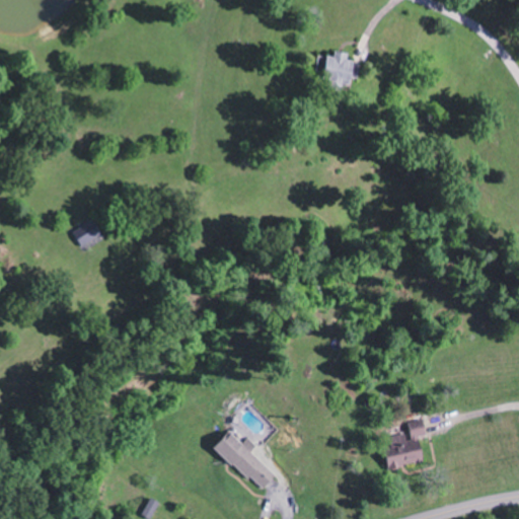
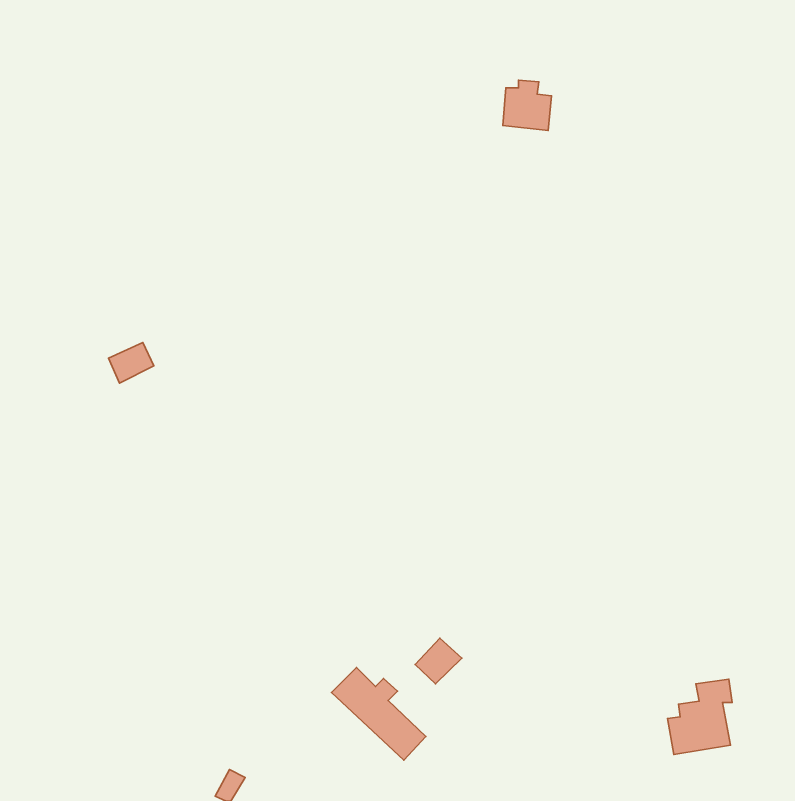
building: none -> [415,638,462,684]
building: [383,420,425,468] -> [668,679,732,754]

